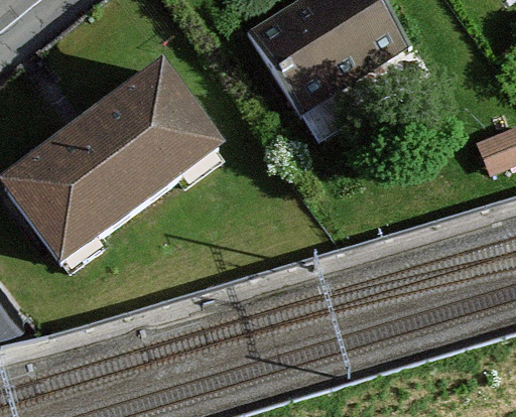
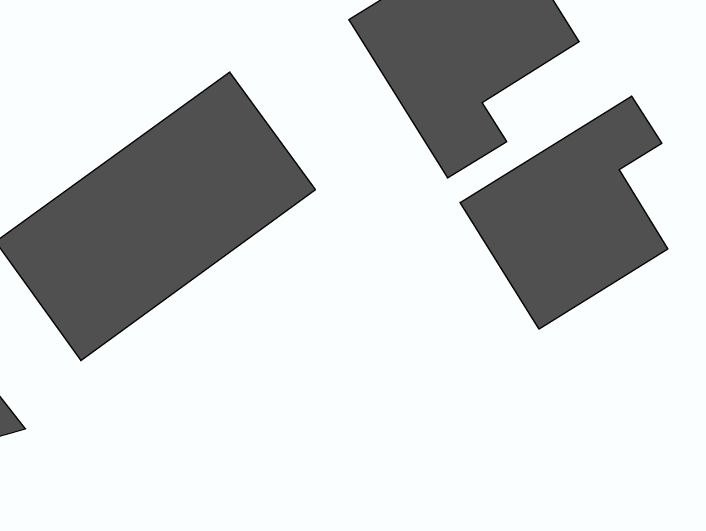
building: none -> [460,96,668,329]

